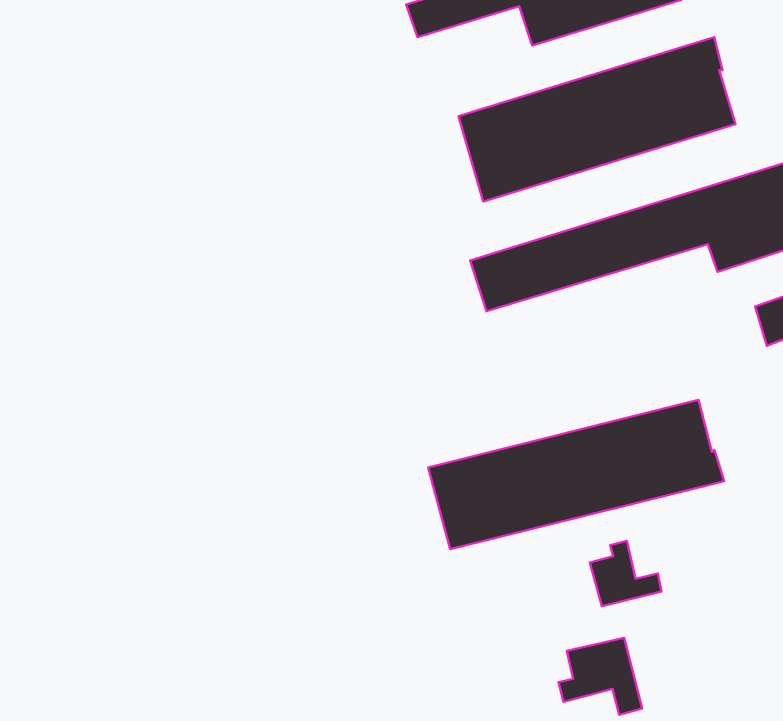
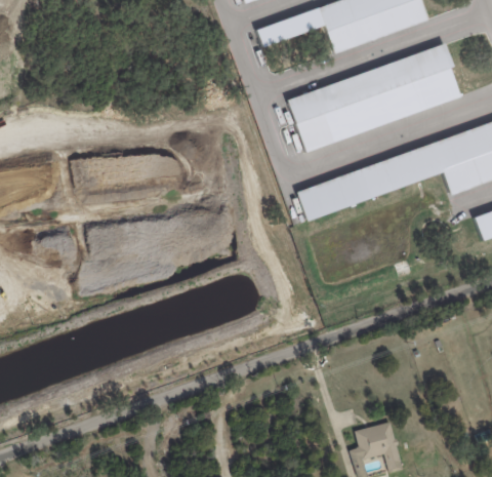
building: [428,400,724,549] -> none
building: [590,541,662,606] -> none

